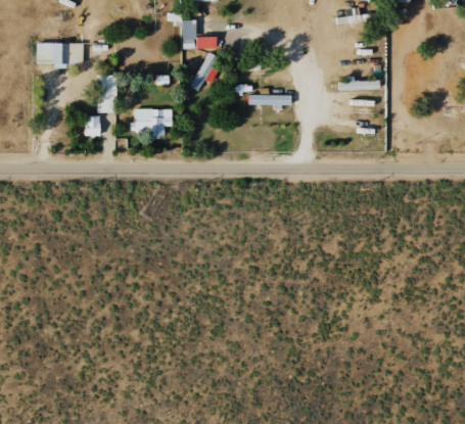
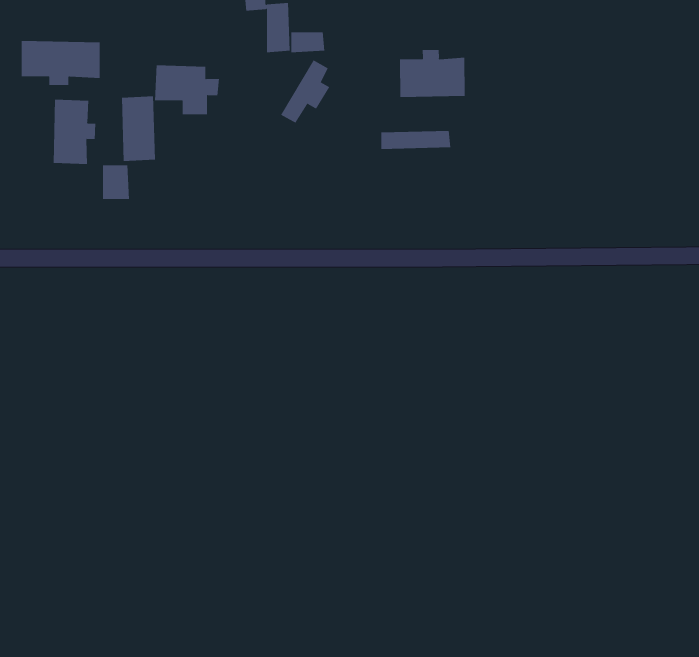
building: none -> [400,49,465,98]
building: none -> [53,99,96,165]
building: [134,108,173,138] -> [154,65,220,115]

